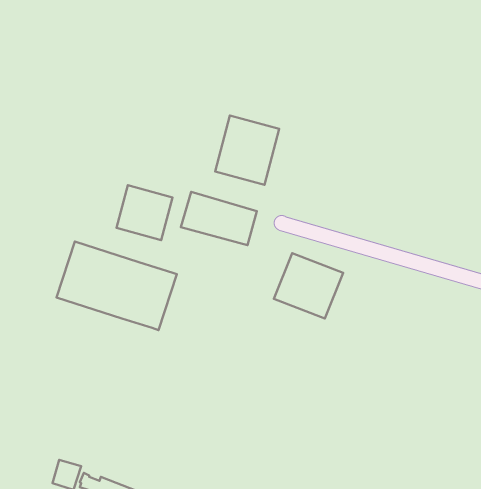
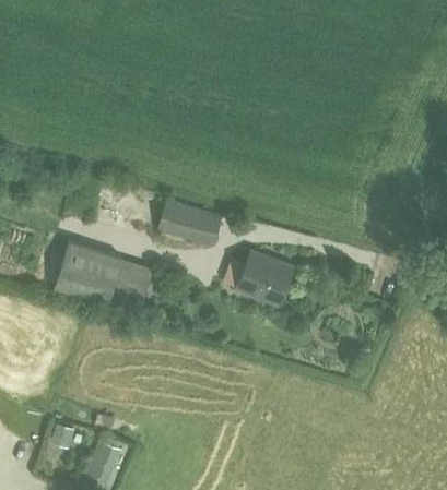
building: [215,115,279,185] -> none
building: [117,185,172,240] -> none

